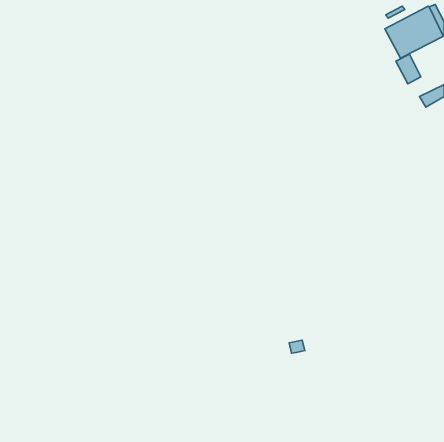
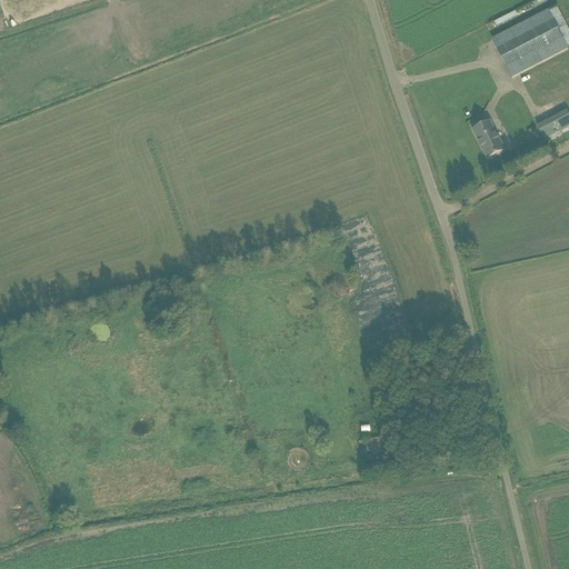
building: [396,54,421,84] -> [471,119,503,157]

